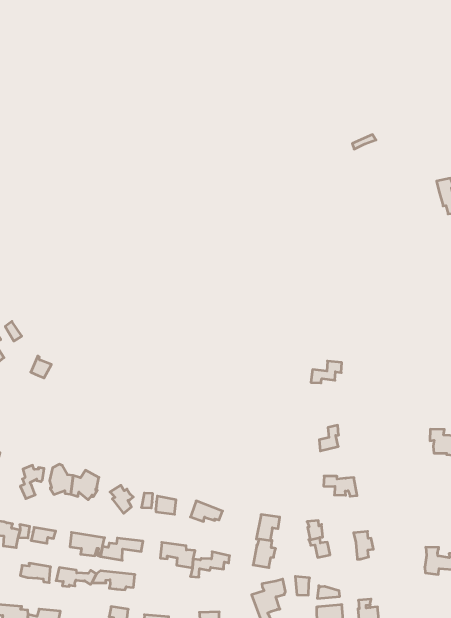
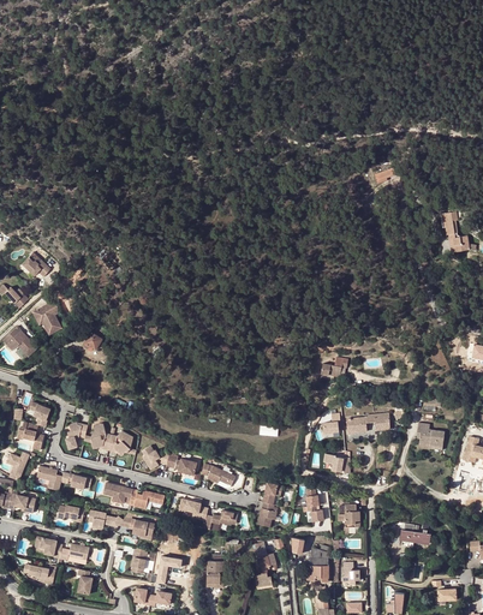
building: none -> [346,413,390,432]

